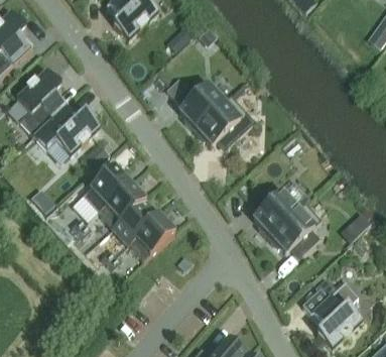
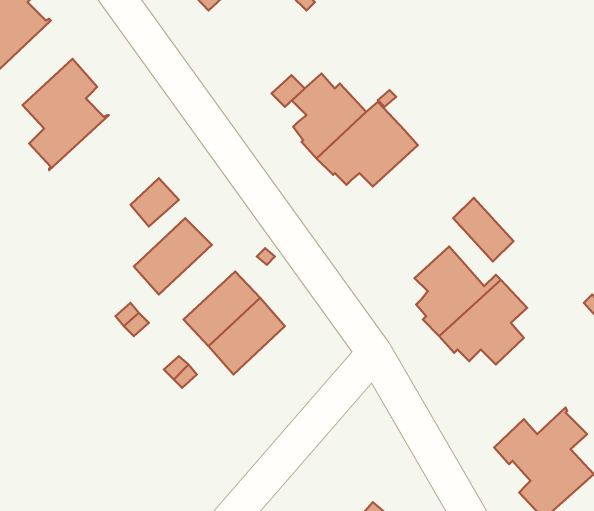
building: [31,103,100,155] -> none
building: none -> [453,198,514,261]
building: [98,182,144,227] -> none

